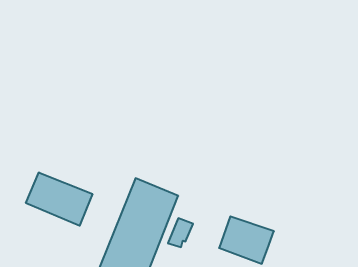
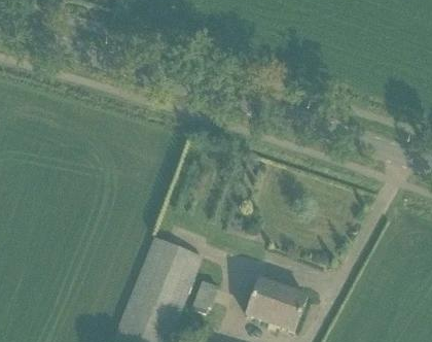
building: [26,172,92,226] -> none

